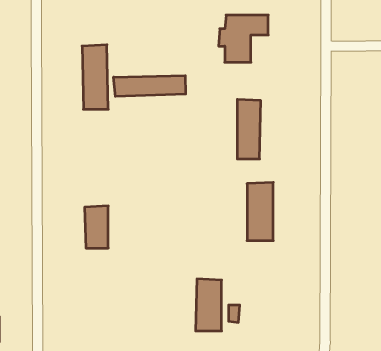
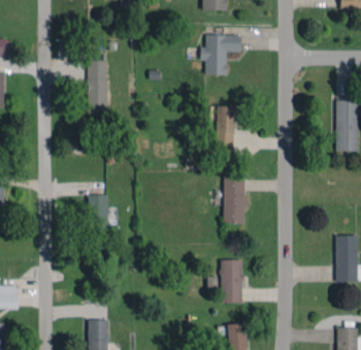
building: [114,76,186,96] -> none
building: [196,279,222,331] -> [221,259,242,303]

